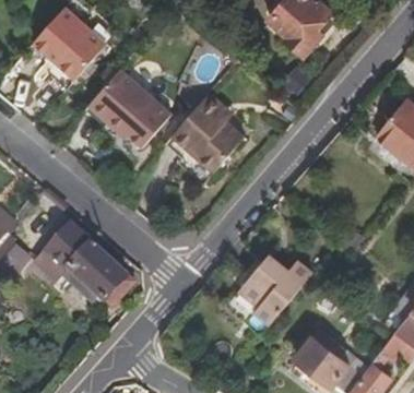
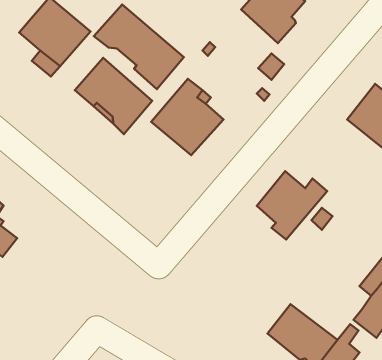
building: none -> [94,4,184,89]
building: [34,223,131,306] -> none
building: [237,254,310,325] -> [257,171,327,239]

